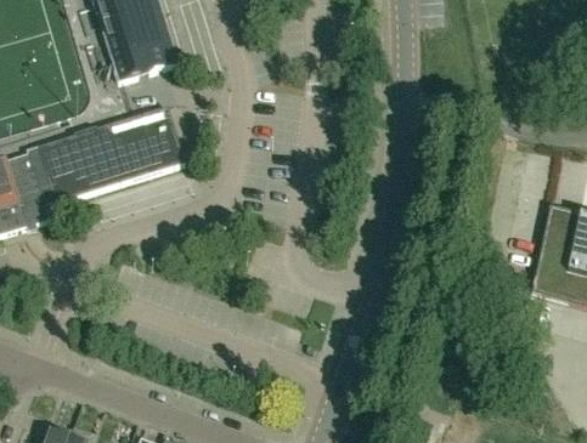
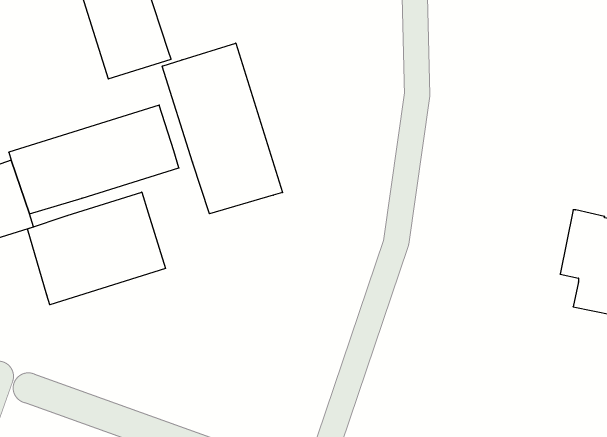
building: none -> [162,43,283,214]
building: none -> [27,192,166,305]

